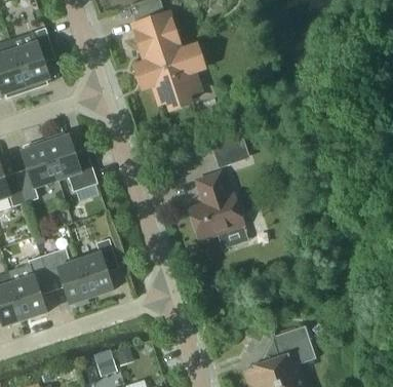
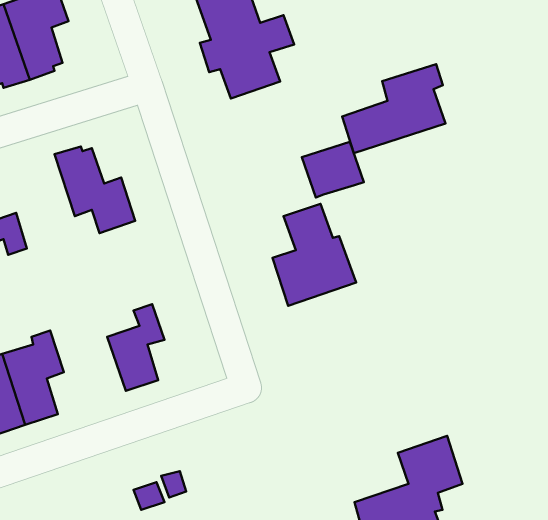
building: none -> [342,64,446,153]
building: [17,140,56,202] -> none
building: [40,248,90,304] -> none

